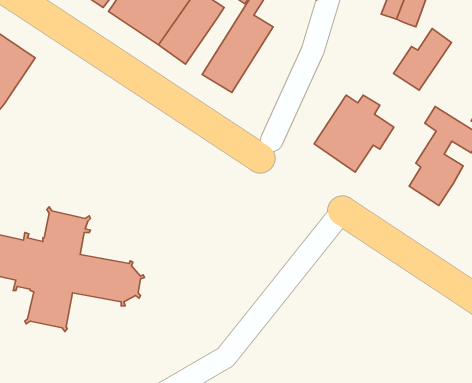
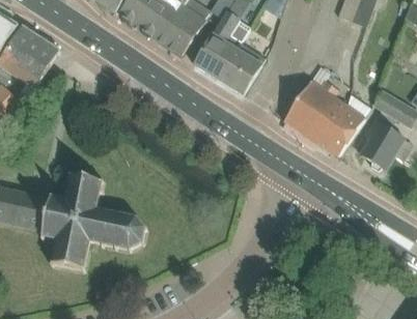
building: [393,28,451,90] -> [317,107,364,156]
building: none -> [218,42,266,94]

